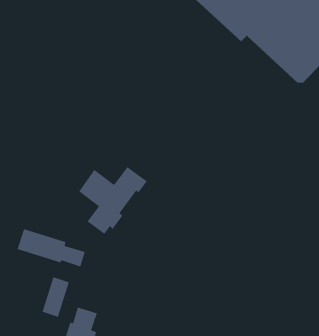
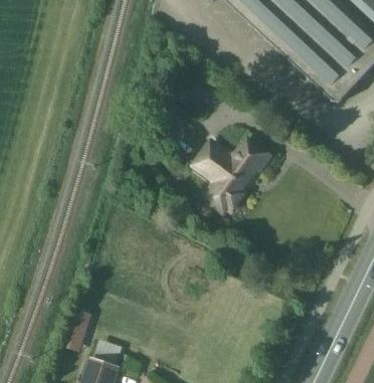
building: [78,166,148,235] -> [197,137,271,210]
building: [16,228,86,267] -> none

